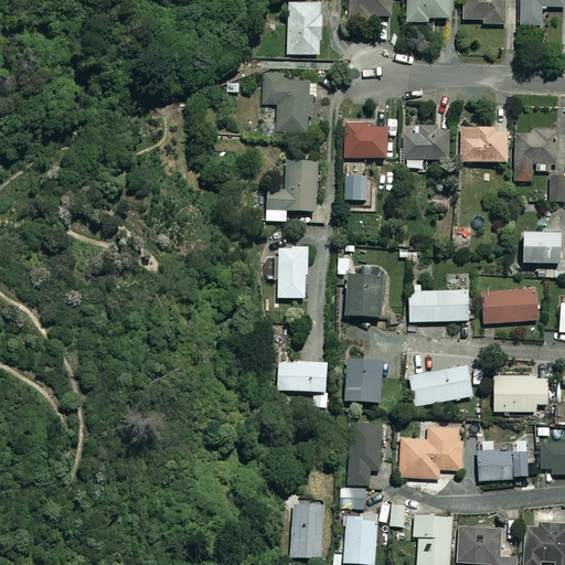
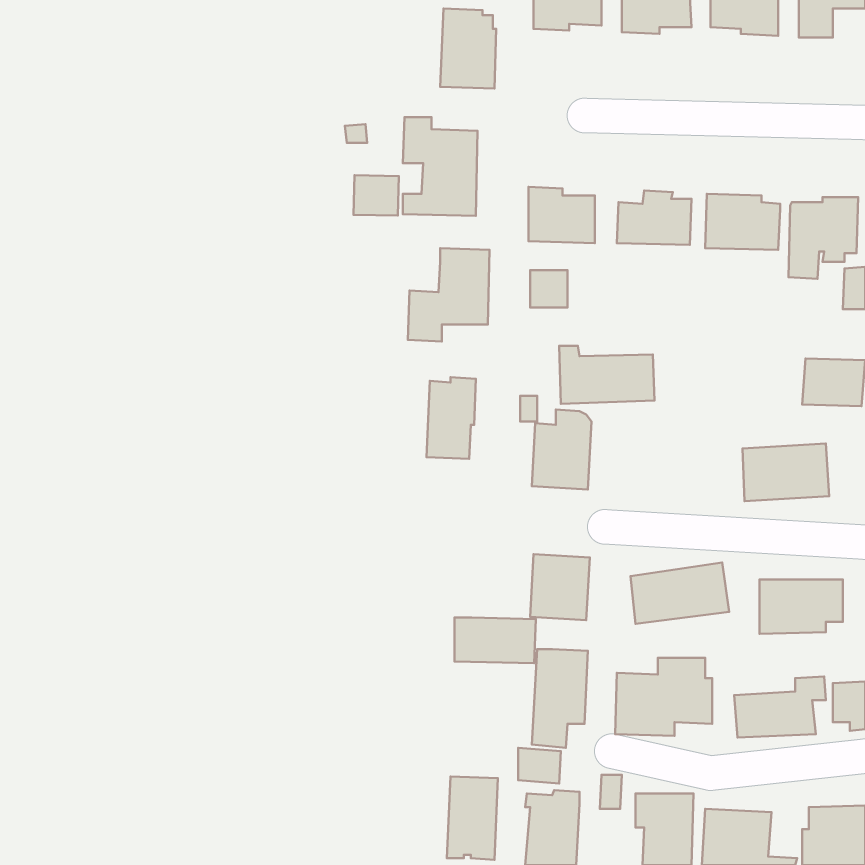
building: none -> [354,175,399,216]
building: [408,285,470,322] -> [559,346,654,404]
building: [277,362,330,392] -> [454,617,536,663]

